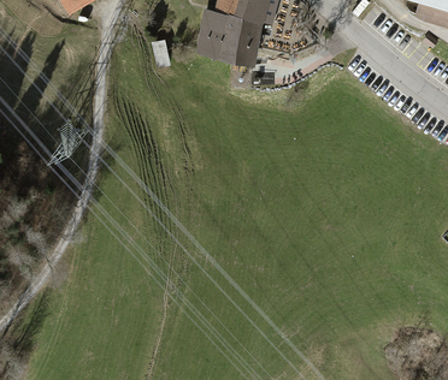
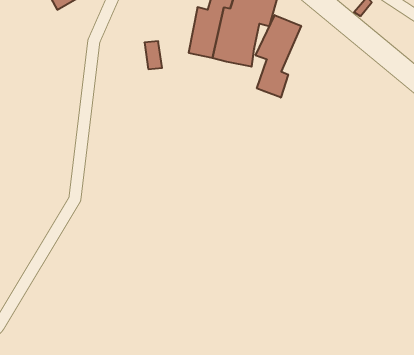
building: none -> [256,15,301,98]

